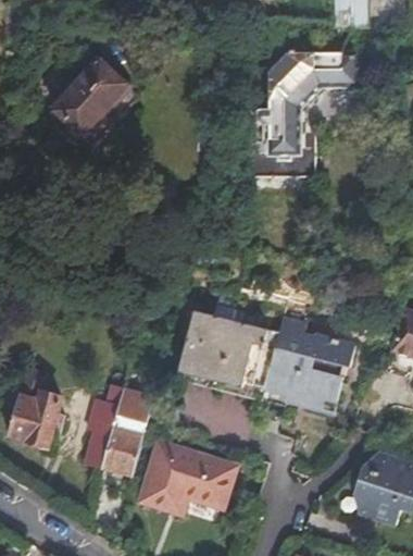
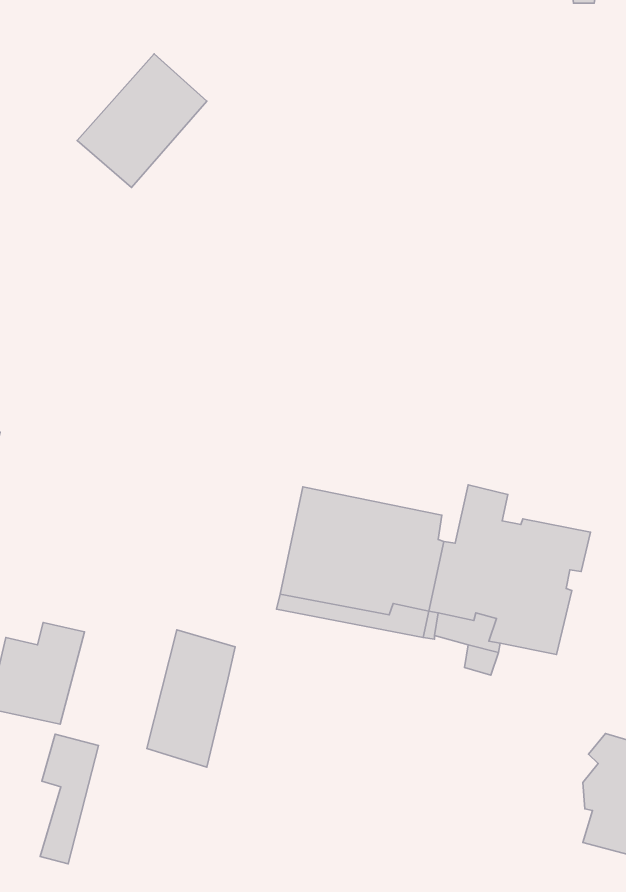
building: [256,51,359,175] -> none
building: [83,386,116,461] -> [40,734,98,864]
building: [143,444,234,505] -> none

